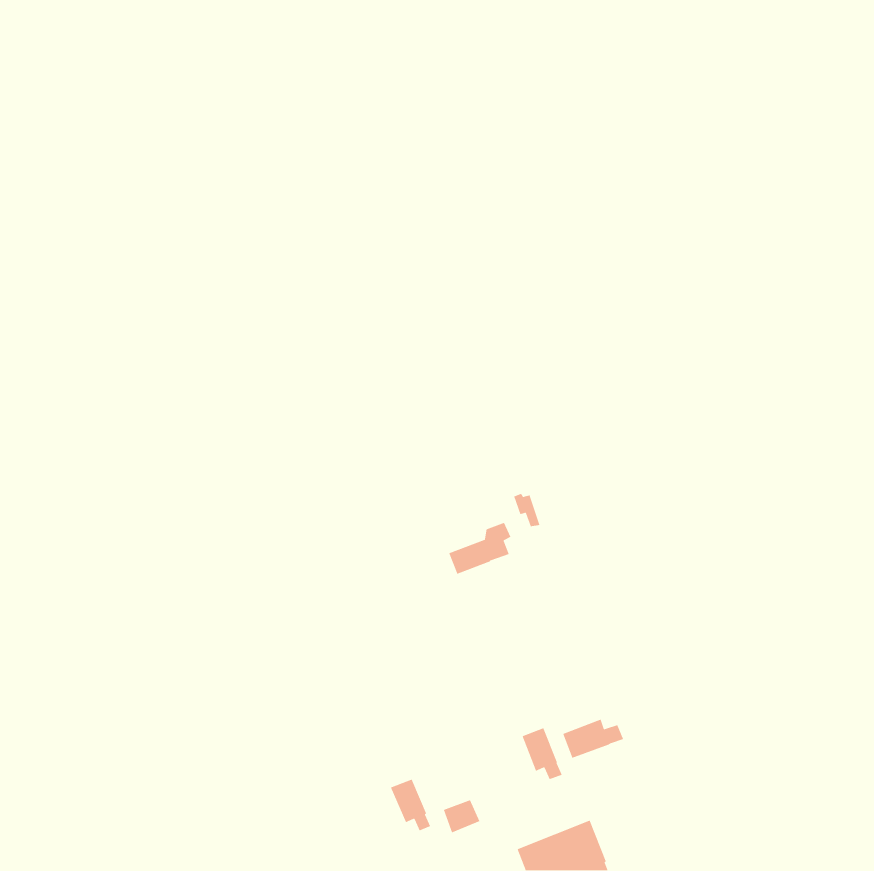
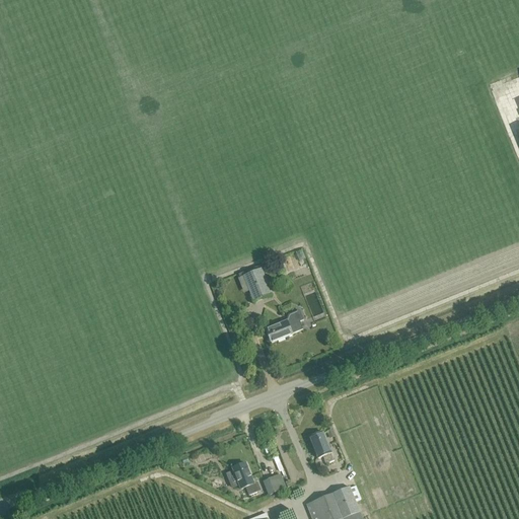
building: none -> [242,267,271,300]
building: [562,719,624,759] -> none

